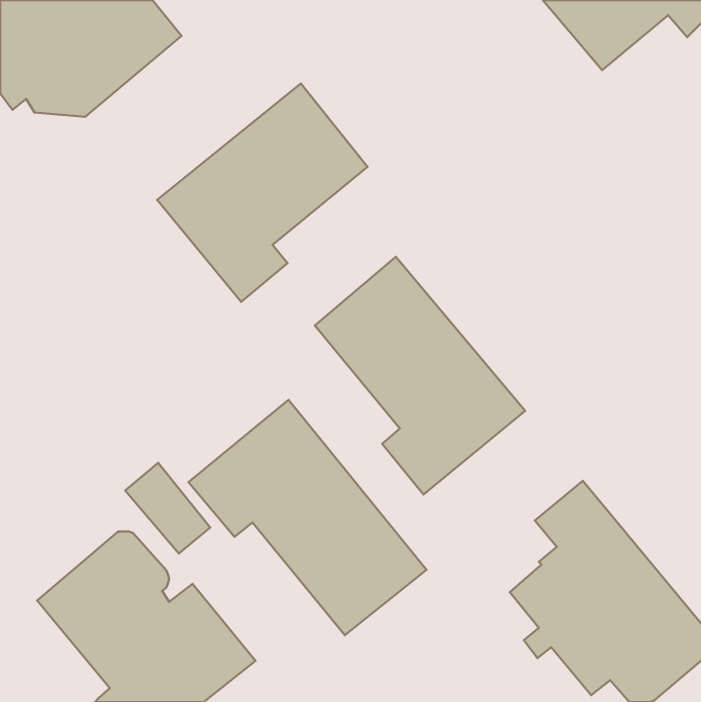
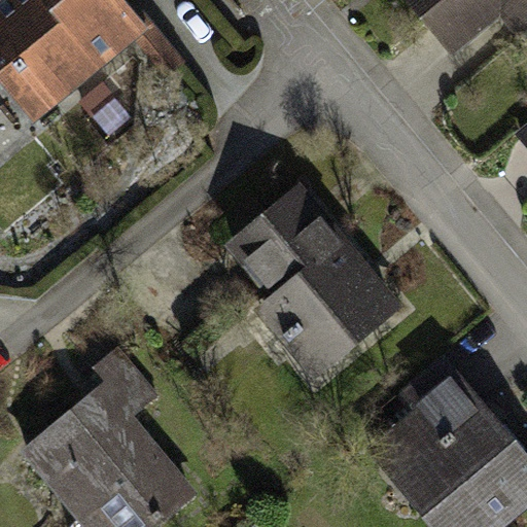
building: [157,84,368,302] -> none
building: [189,400,426,635] -> none

